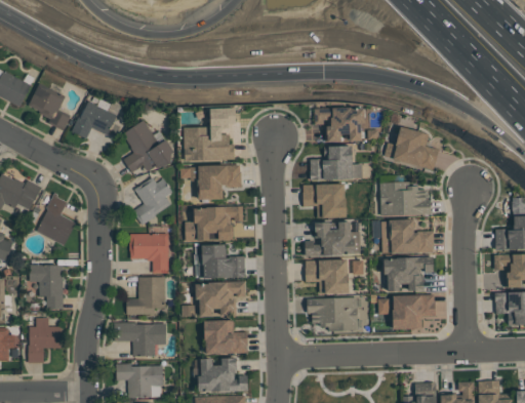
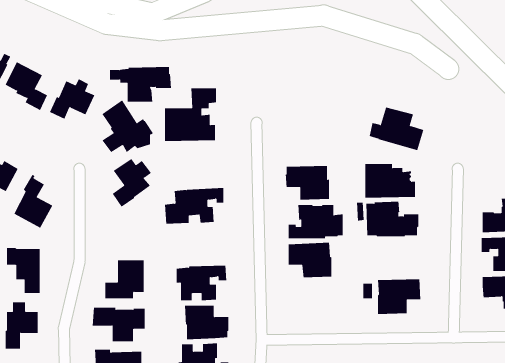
building: [314,108,365,143] -> none
building: [310,147,362,180] -> none
building: [180,165,242,200] -> [109,66,172,102]
building: [129,234,168,274] -> none
building: [202,245,245,279] -> none
building: [383,257,434,292] -> none
building: [307,298,358,331] -> none

